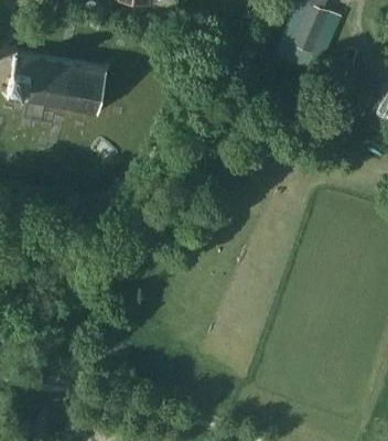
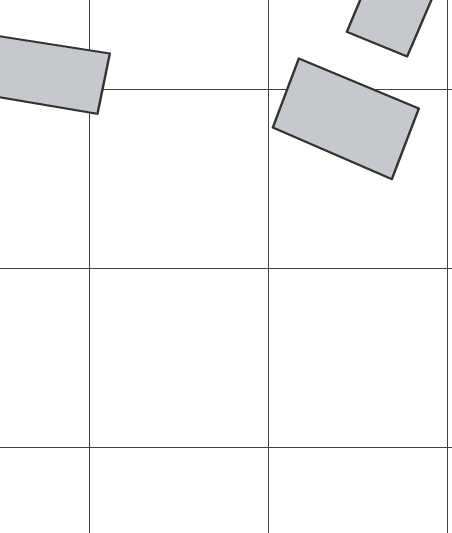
building: none -> [273,59,419,179]

